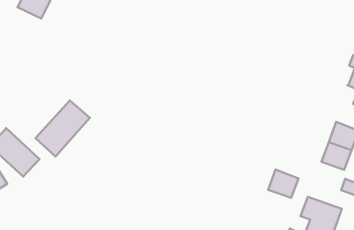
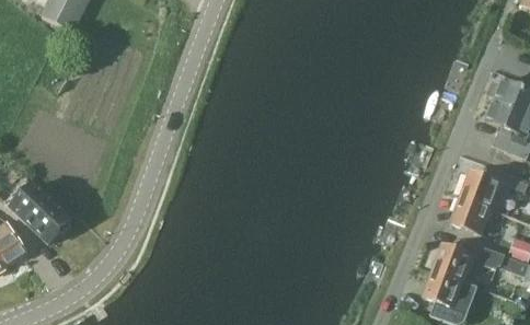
building: [35,101,90,156] -> none
building: [268,169,298,198] -> [433,242,473,280]

